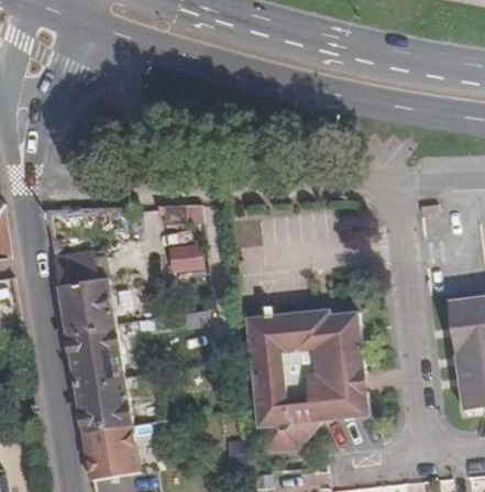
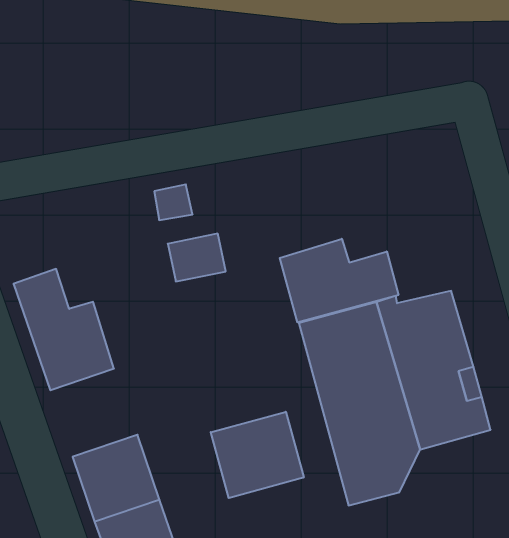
building: none -> [280,239,398,322]
building: [66,324,122,381] -> none
building: none -> [211,412,304,498]

